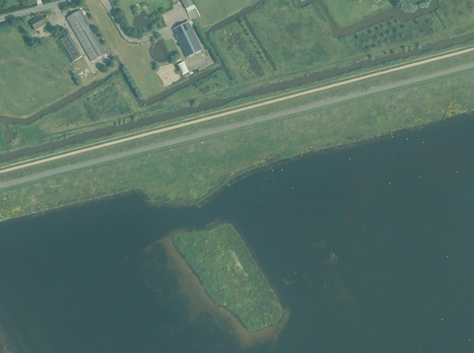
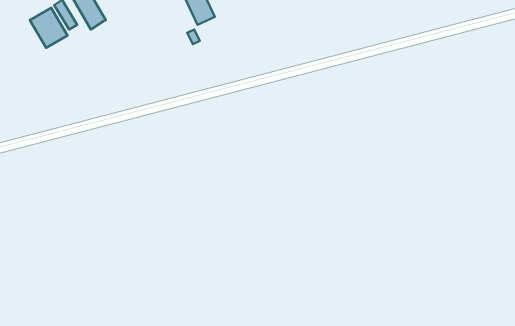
building: none -> [30,8,67,48]

